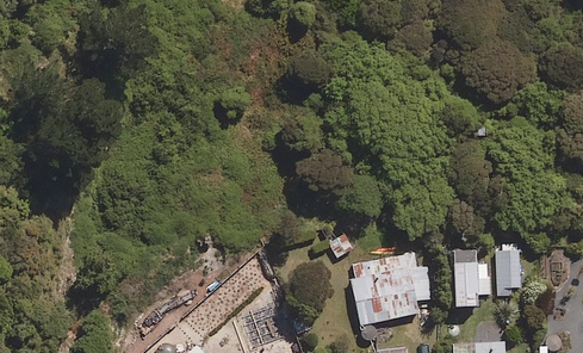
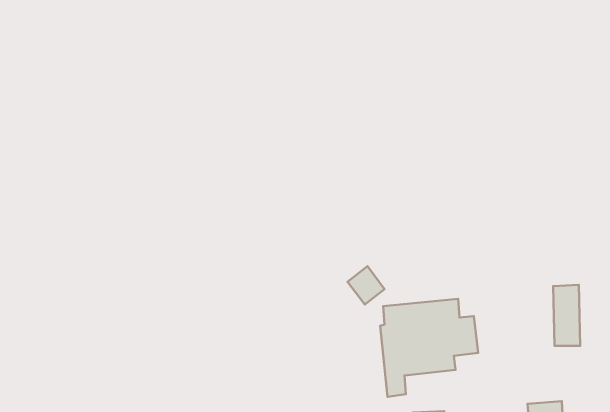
building: [451,250,490,306] -> none

